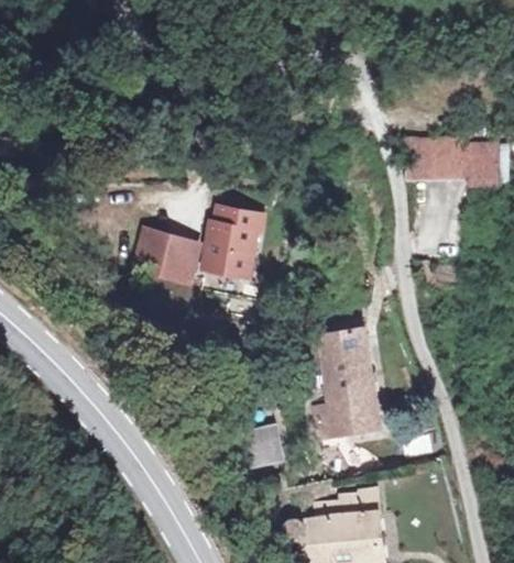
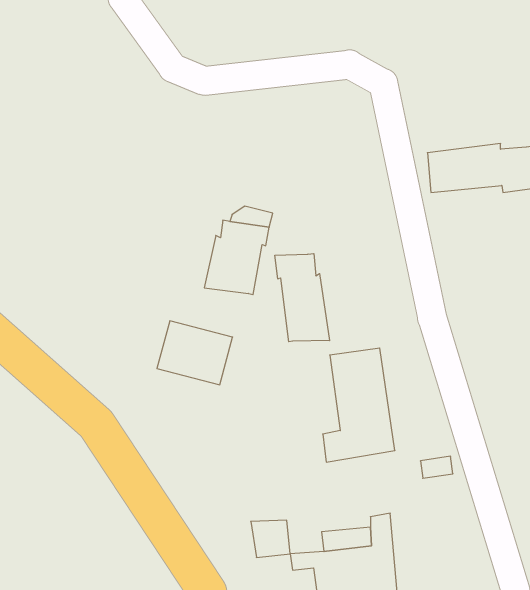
building: [134,225,206,286] -> [157,321,233,385]
building: none -> [275,254,330,342]
building: [234,432,272,467] -> [251,520,290,557]

